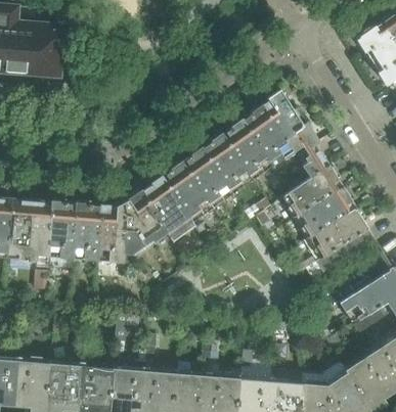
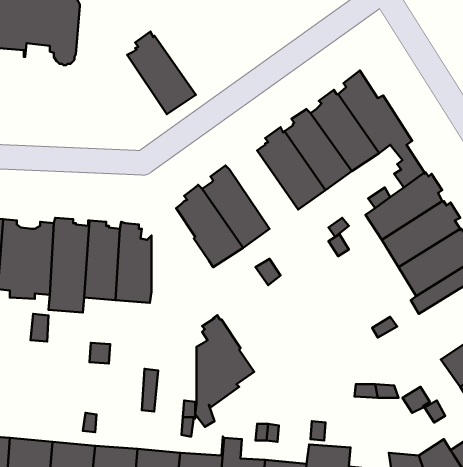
building: [182,145,233,207] -> [127,32,196,114]
building: [123,188,167,271] -> [195,315,254,427]

